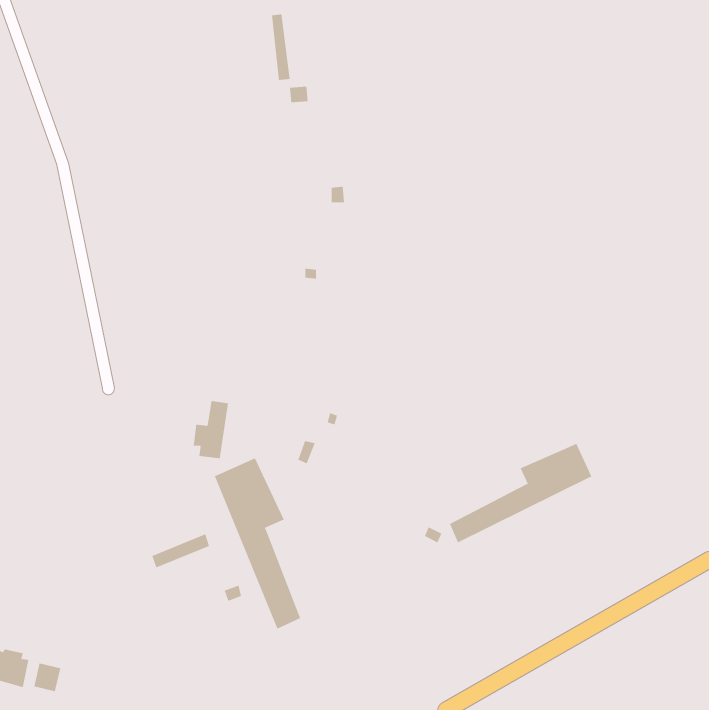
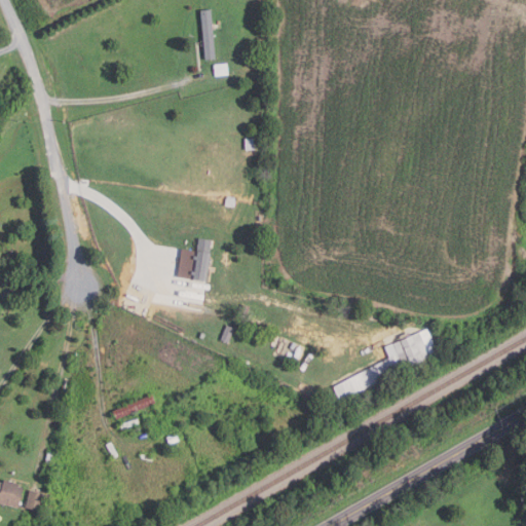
building: [193,400,229,459] -> [185,238,212,281]
building: [214,458,301,630] -> none

